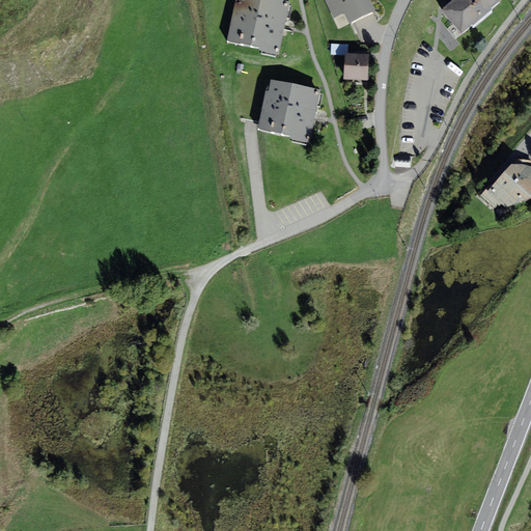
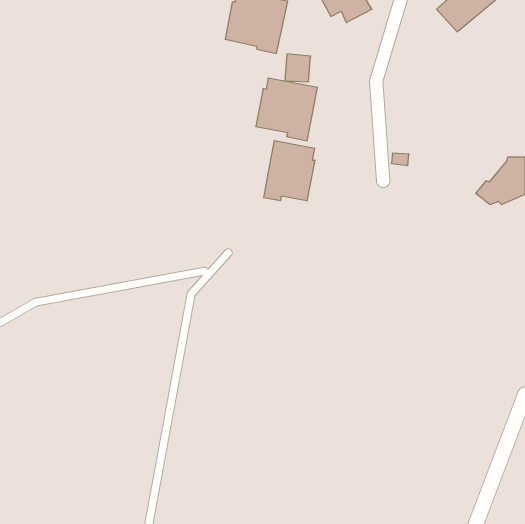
building: [343,52,369,80] -> [285,54,311,82]
building: none -> [264,140,315,201]

